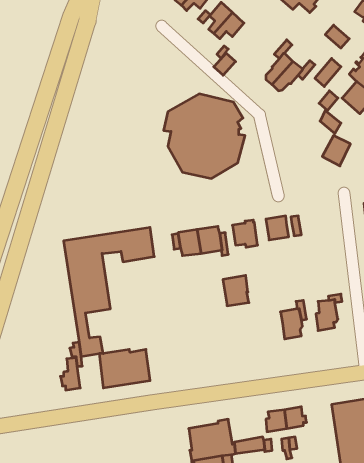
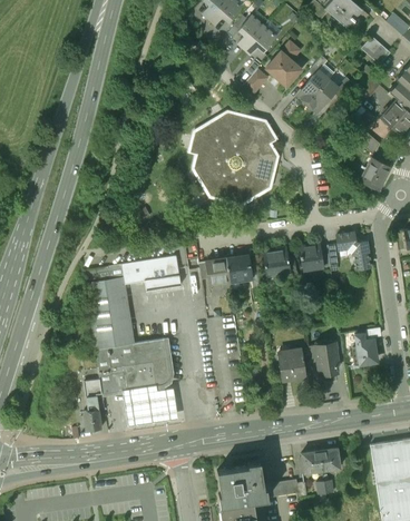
building: none -> [266,41,301,86]
building: none -> [336,232,369,266]
building: [223,275,249,306] -> [279,347,306,380]
building: none -> [107,337,170,390]

